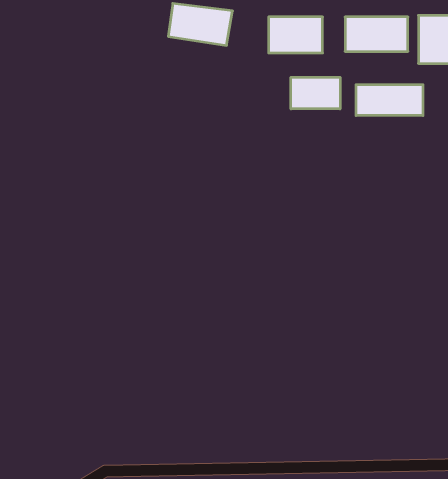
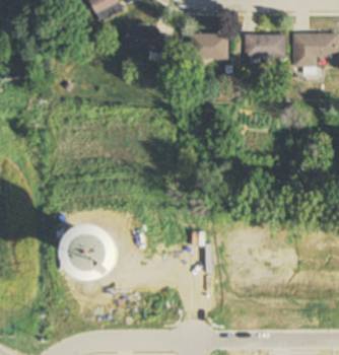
building: [291,77,340,109] -> none
building: [356,85,423,116] -> none

